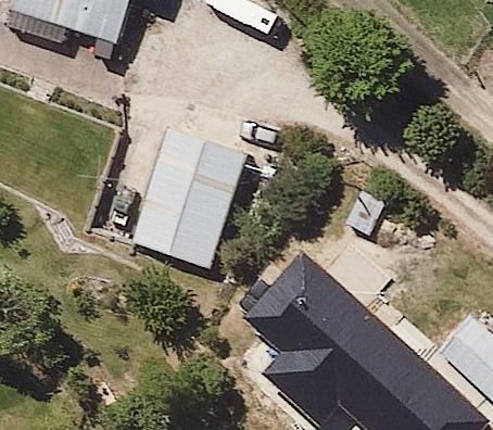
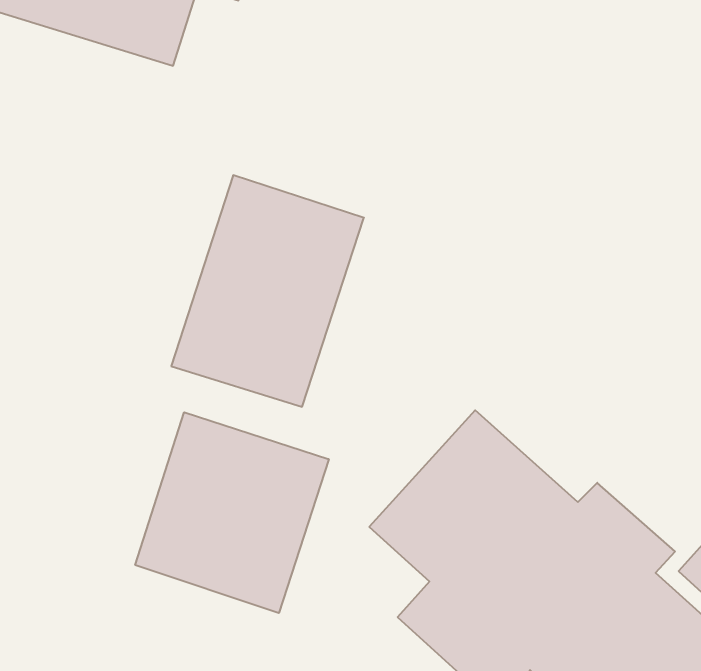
building: none -> [135,412,329,613]

